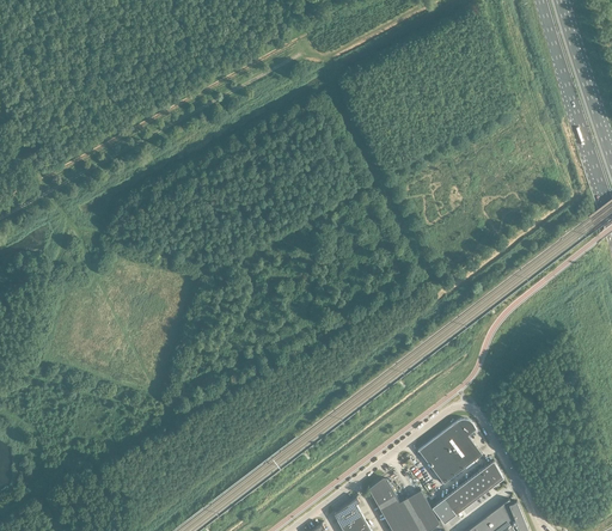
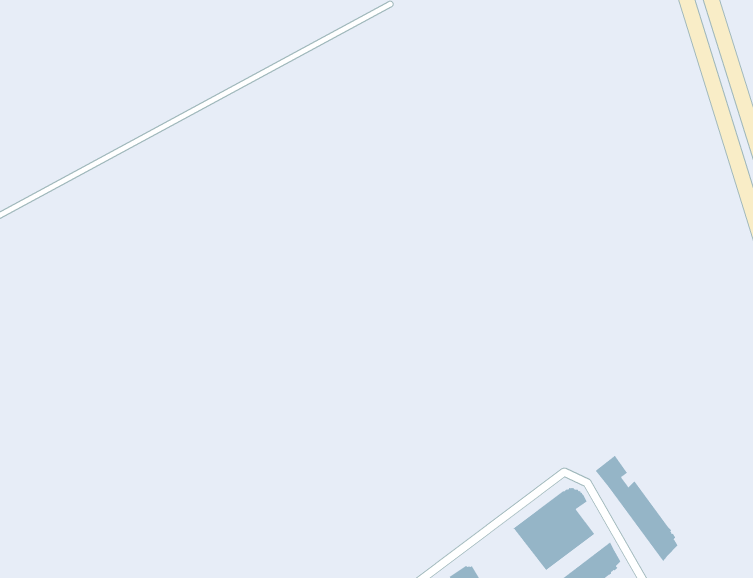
building: none -> [595,455,678,562]

